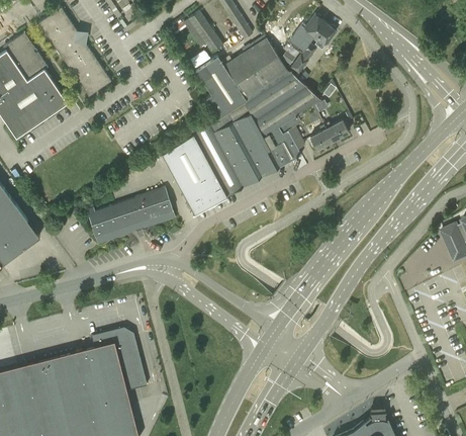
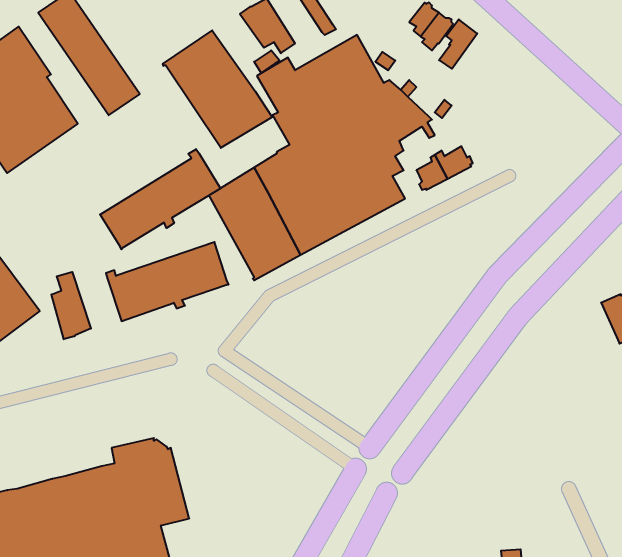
building: none -> [163,30,272,148]
building: [289,38,316,74] -> [439,19,477,69]
building: none -> [100,149,221,249]
building: none -> [51,272,91,339]

